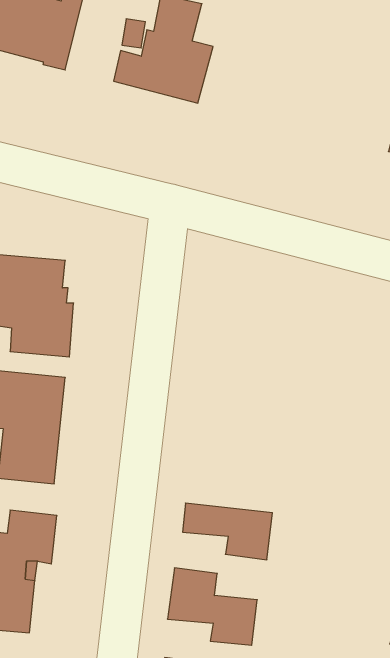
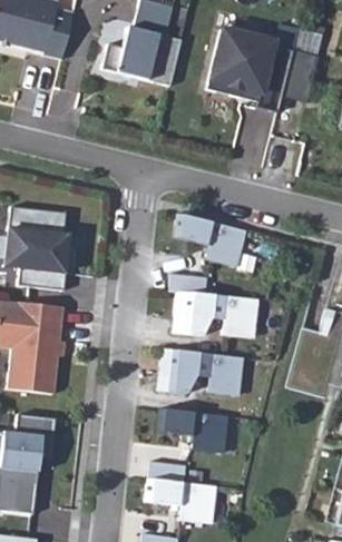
building: none -> [206,27,294,111]
building: none -> [174,213,246,266]
building: none -> [169,273,258,337]
building: none -> [157,347,244,395]

